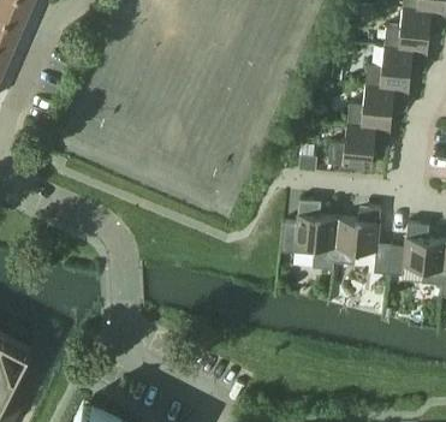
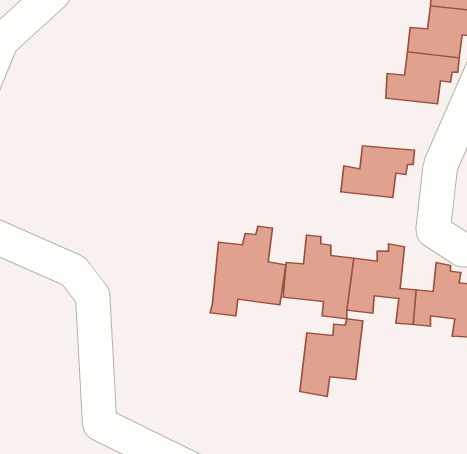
building: [346,85,409,129] -> none
building: none -> [210,226,286,316]
building: none -> [300,319,363,396]

